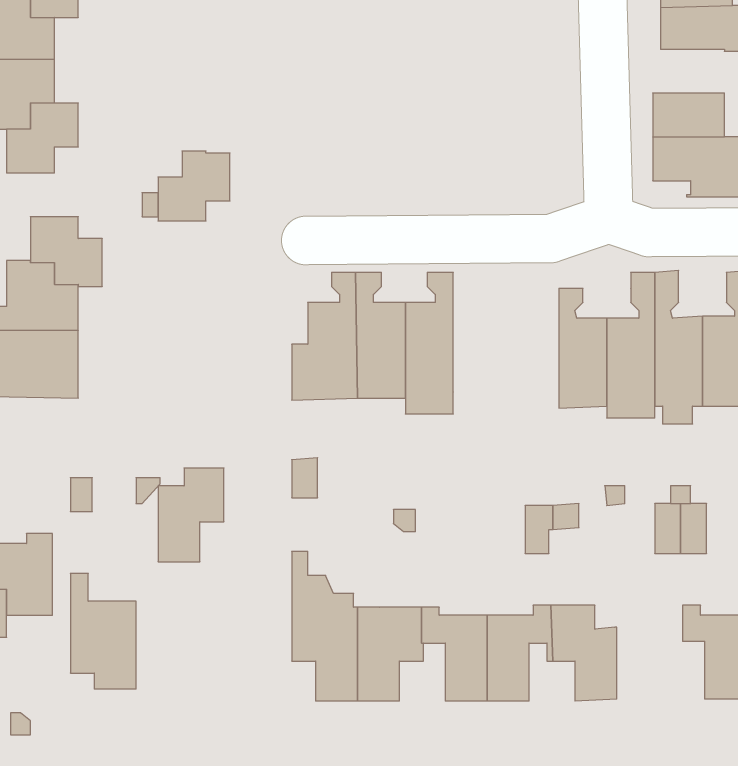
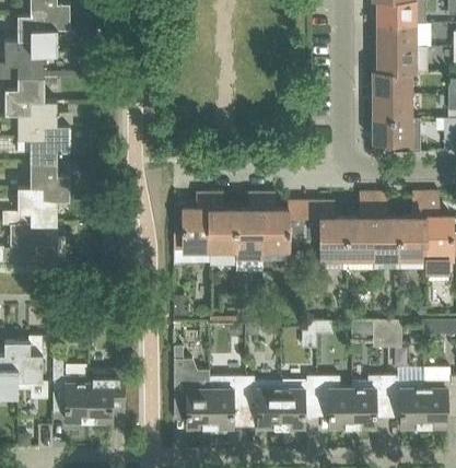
building: none -> [372,70,411,95]
building: [158,151,230,221] -> [31,125,70,163]
building: none -> [262,194,316,259]
building: [158,468,224,562] -> [89,371,125,422]
building: none -> [351,376,388,428]

